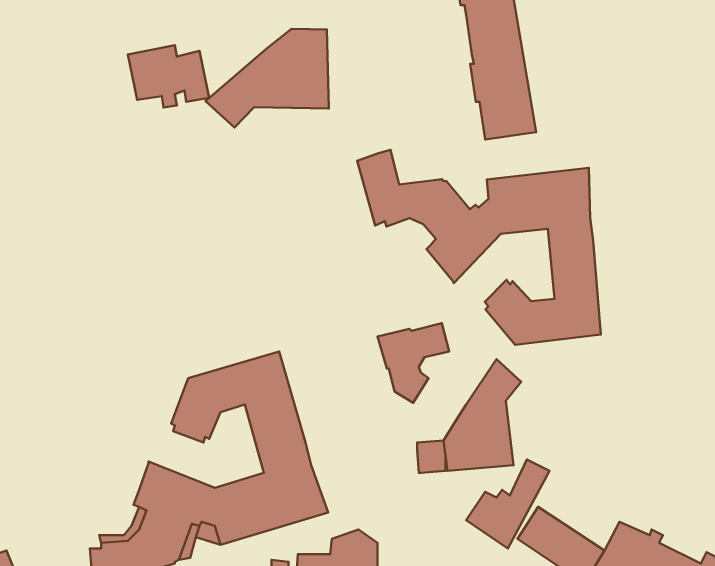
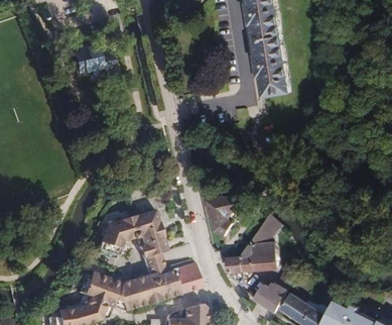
building: [205,29,329,127] -> none
building: [357,150,601,345] -> none
building: none -> [171,262,204,295]

